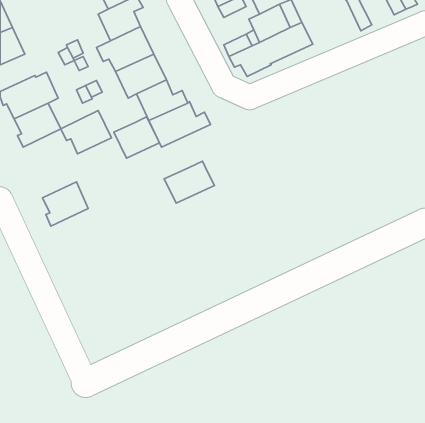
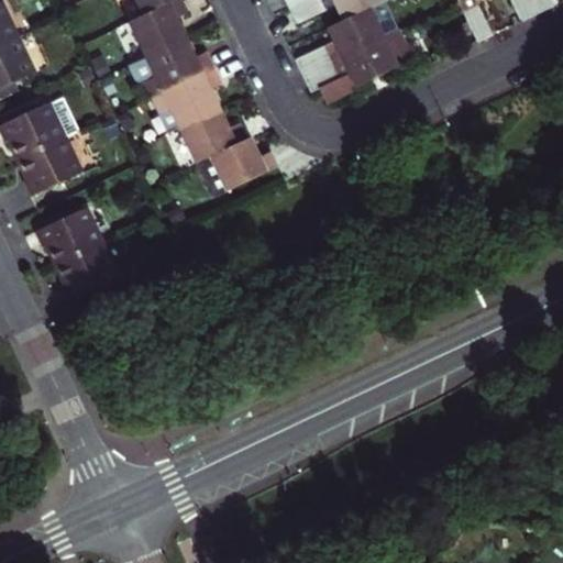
building: [61,111,111,154] -> [34,205,101,262]
building: [114,117,159,158] -> none
building: [164,161,214,203] -> none

